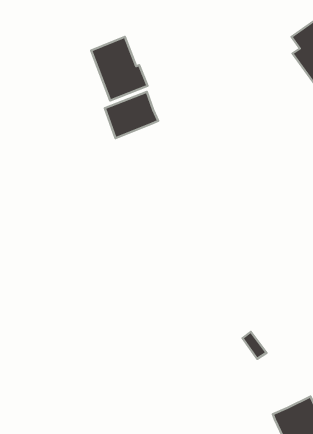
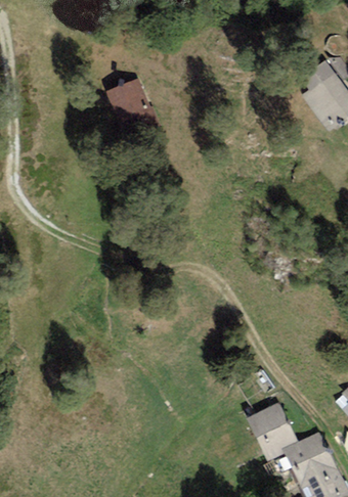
building: [105,92,158,138] -> none
building: none -> [247,402,297,460]

